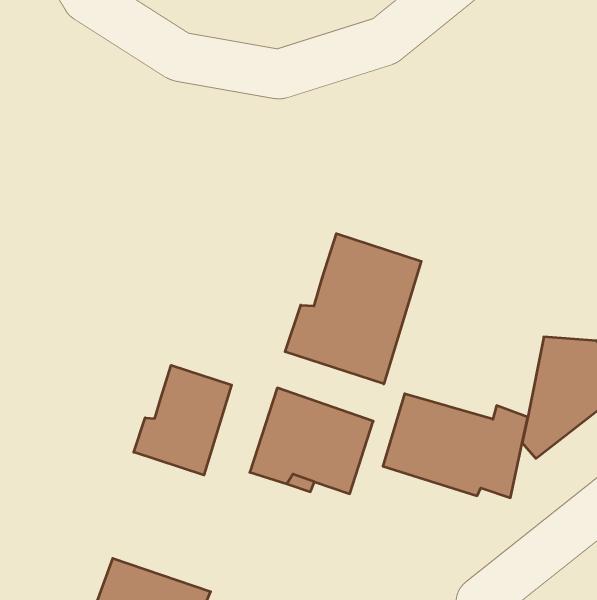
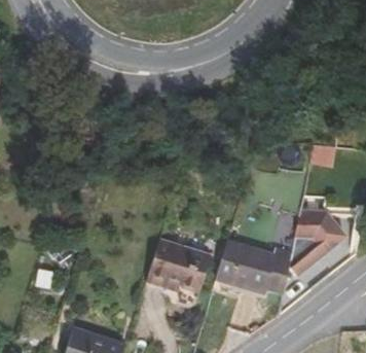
building: [285,234,421,384] -> none
building: [134,365,232,475] -> none

